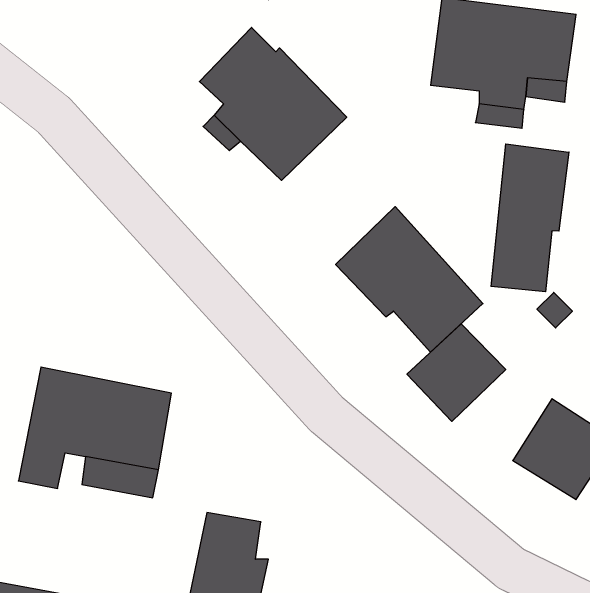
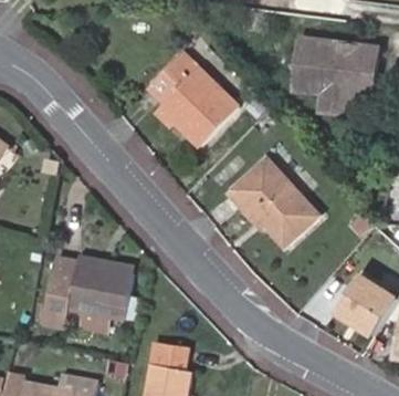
building: [491,144,569,292] -> none
building: [407,324,506,421] -> none

